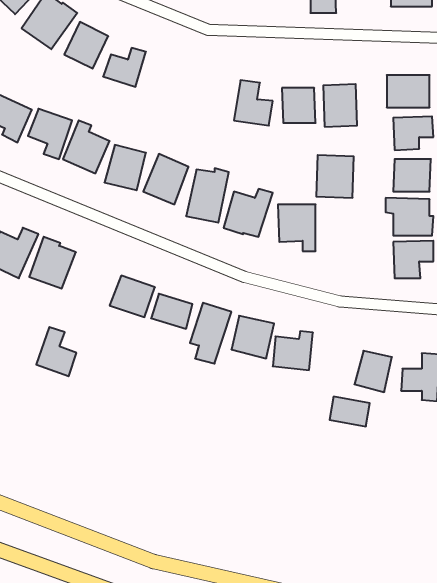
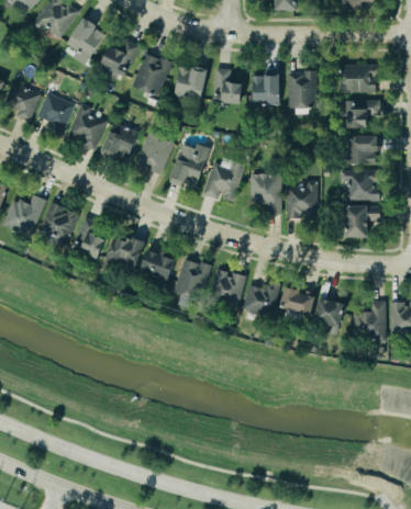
building: none -> [131,54,170,97]
building: none -> [173,66,207,103]
building: [316,155,354,198] -> [285,183,316,219]
building: [36,327,76,376] -> [73,217,107,259]
building: [330,397,370,426] -> [281,289,315,314]

